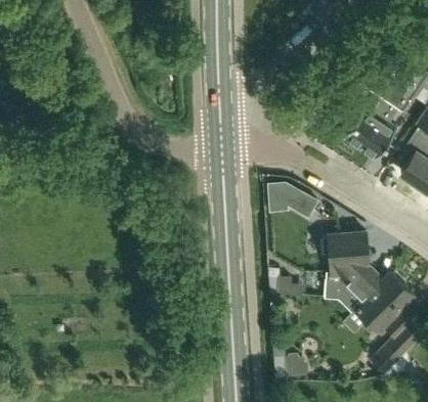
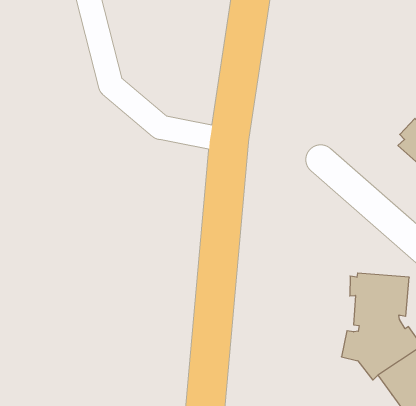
building: [268,183,317,217] -> none

